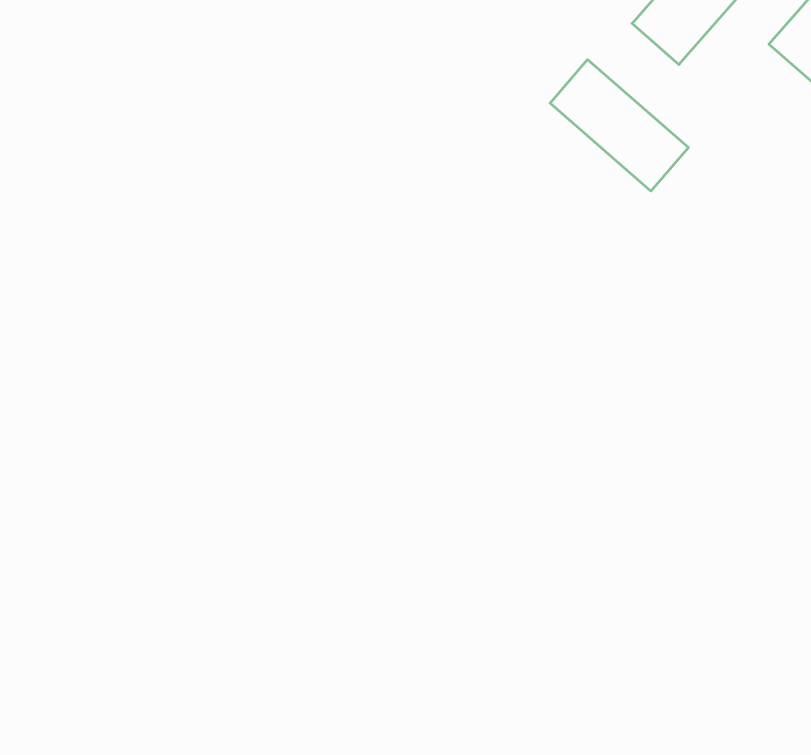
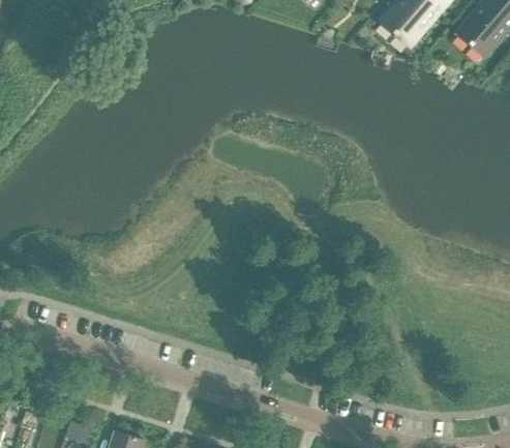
building: [550,60,688,191] -> none

